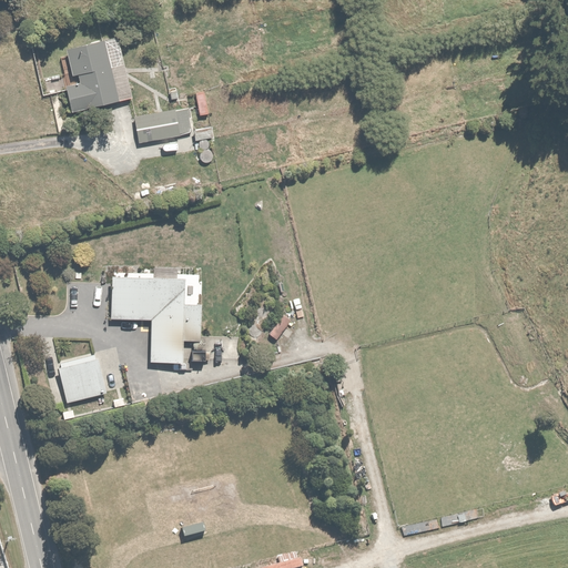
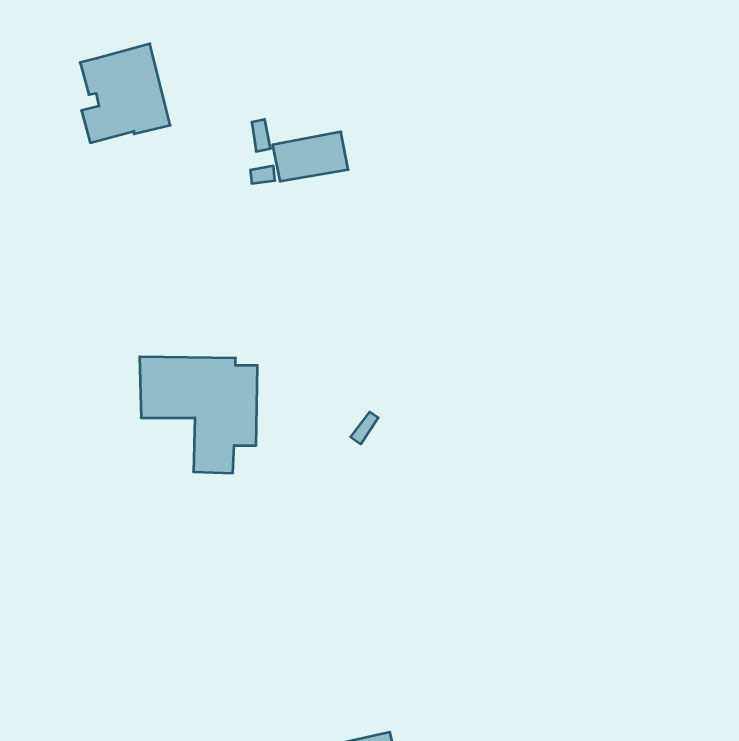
building: [134,108,192,145] -> [273,132,348,181]
building: [58,355,105,404] -> none

